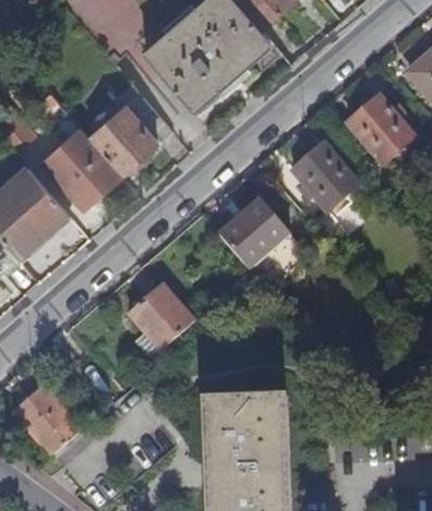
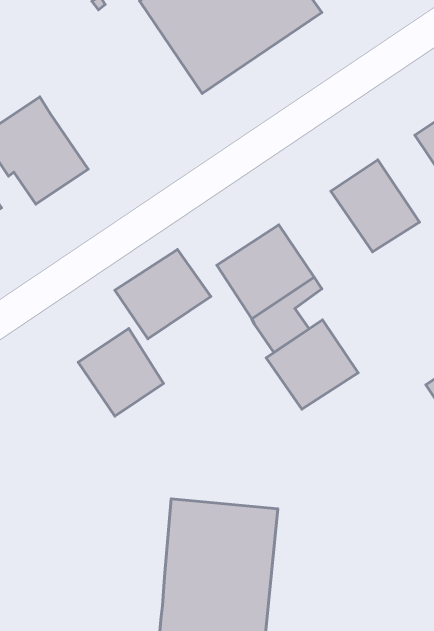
building: [87,85,169,175] -> none
building: none -> [115,249,211,339]
building: none -> [266,320,358,409]

